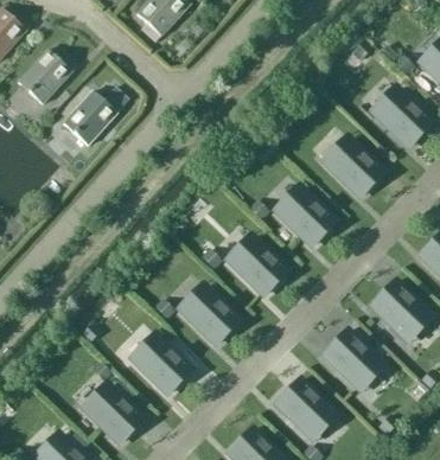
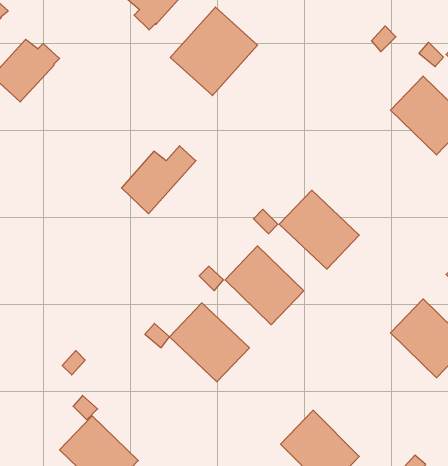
building: none -> [170,7,258,96]
building: [64,87,129,146] -> [121,146,196,214]
building: [318,132,387,200] -> none
building: [318,325,387,394] -> none
building: [126,328,196,398] -> none

